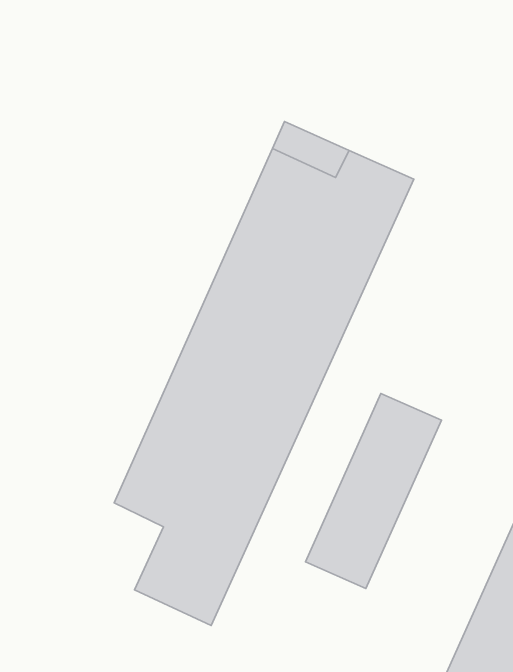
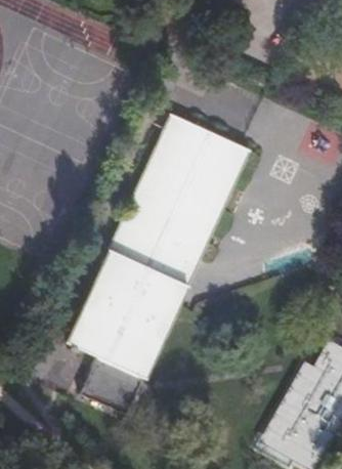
building: [305,394,441,589] -> none

